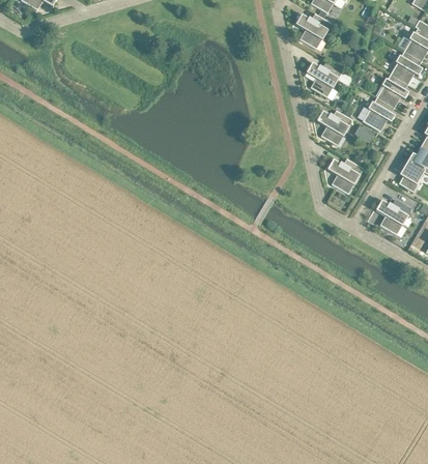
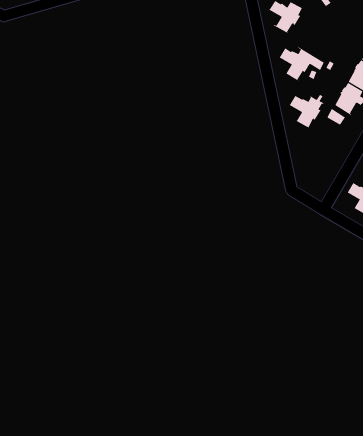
building: [327,158,363,194] -> none

